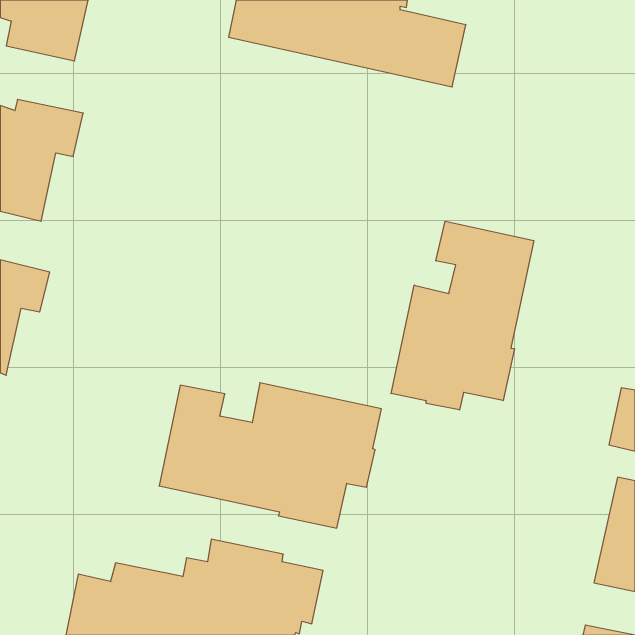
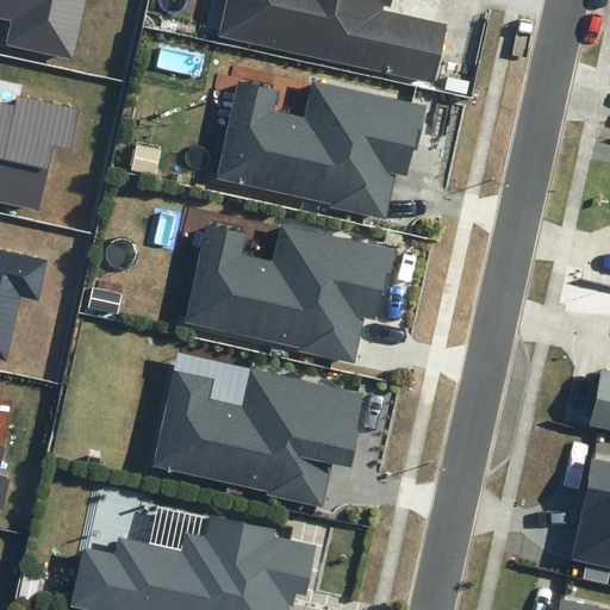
building: none -> [216,81,428,220]
building: [391,221,534,410] -> none
building: none -> [183,224,397,365]

